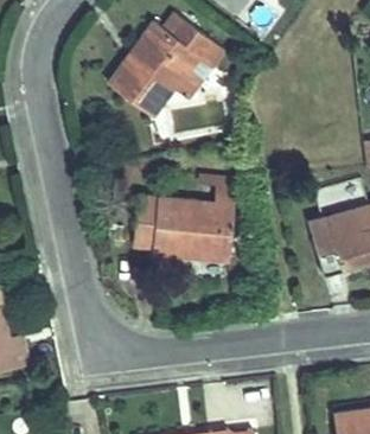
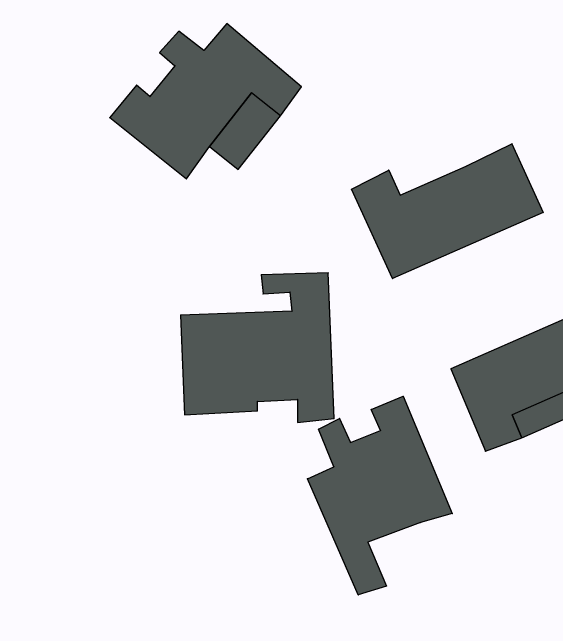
building: none -> [352,144,543,279]
building: none -> [307,396,452,595]

